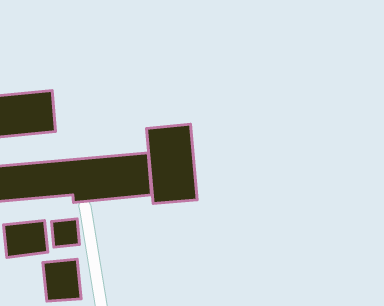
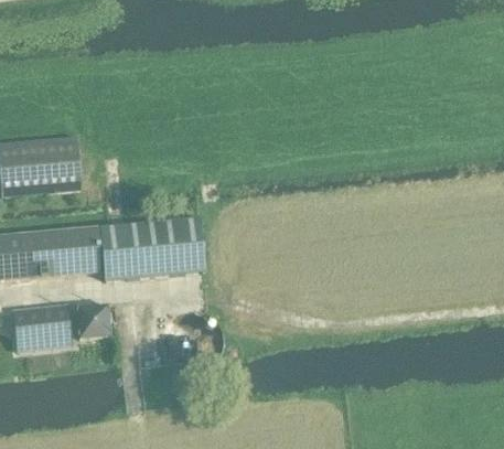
building: [147,124,197,203] -> none
building: [43,259,81,301] -> none

